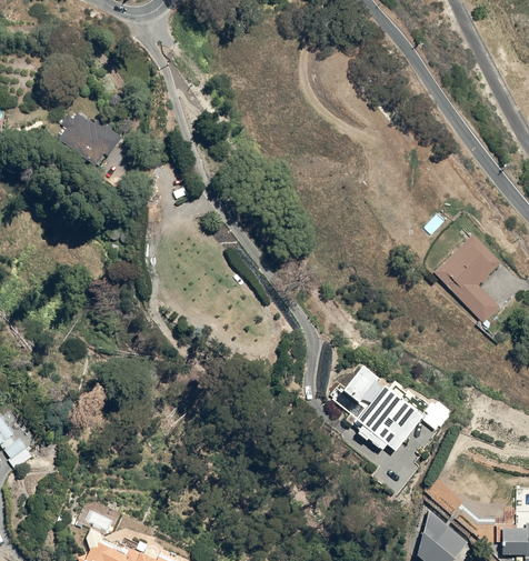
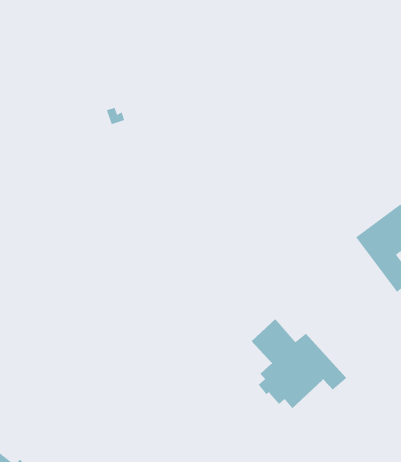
building: [59,114,123,168] -> none

